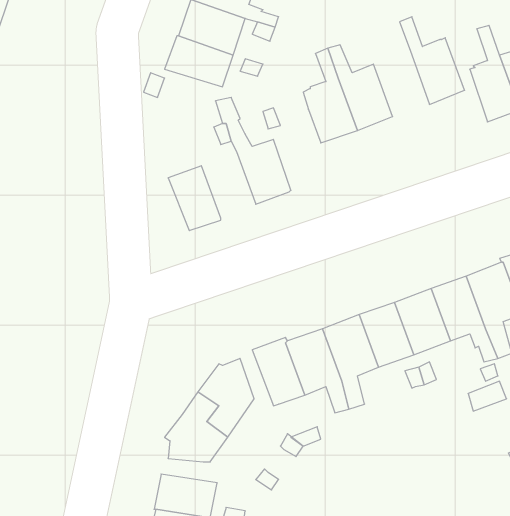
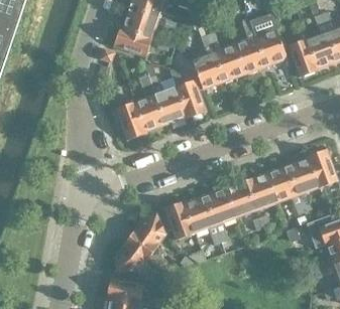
building: none -> [234,18,266,72]
building: none -> [177,79,206,117]
building: none -> [135,93,166,131]

